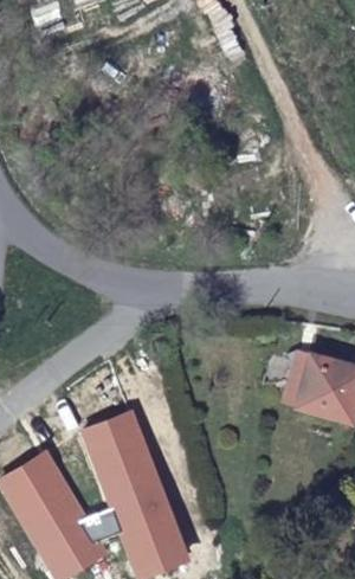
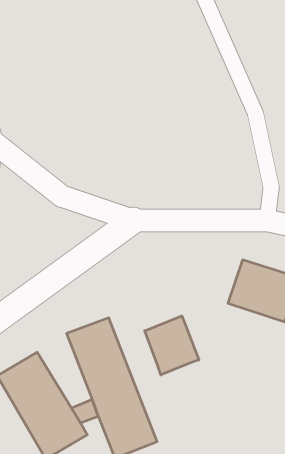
building: none -> [145,316,199,375]

